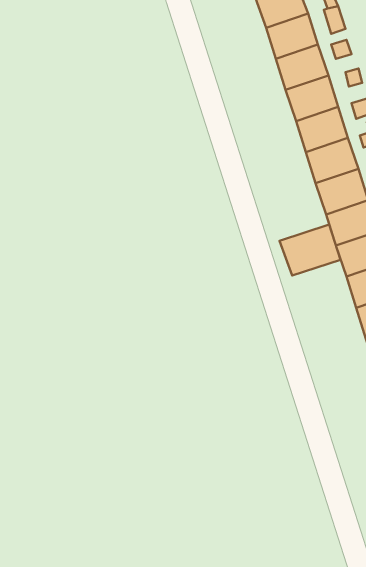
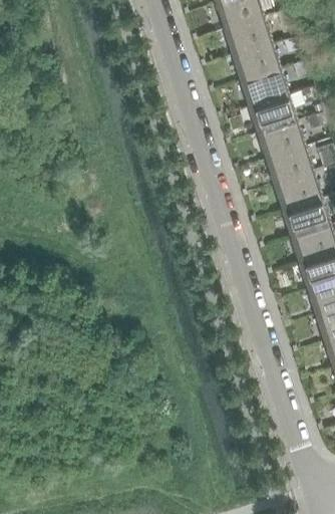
building: [280,224,340,276] -> none

